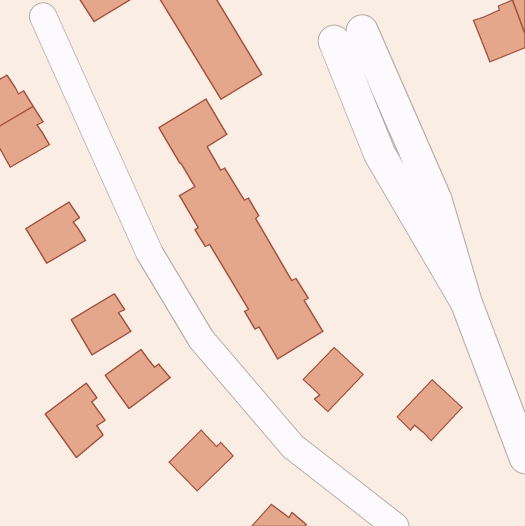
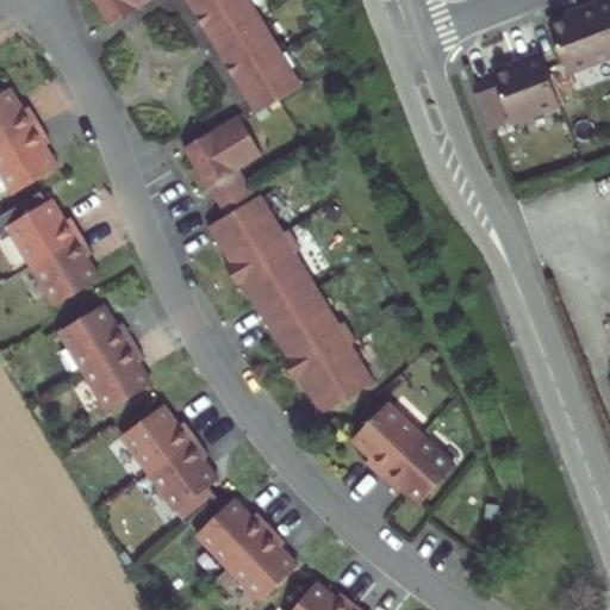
building: none -> [471,50,559,130]
building: none -> [6,198,80,264]
building: none -> [58,303,132,369]
building: [397,380,462,441] -> [379,432,454,503]
building: [45,383,105,457] -> [149,436,218,522]
building: none -> [228,527,297,600]

